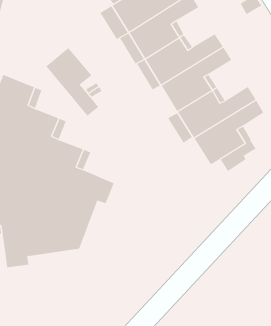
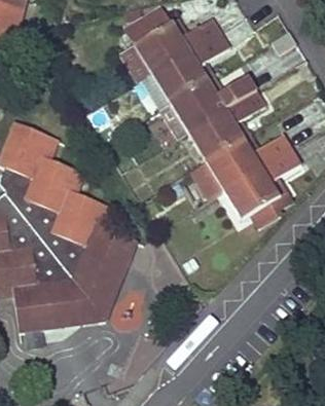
building: [46,47,99,117] -> none
building: none -> [42,259,128,329]

